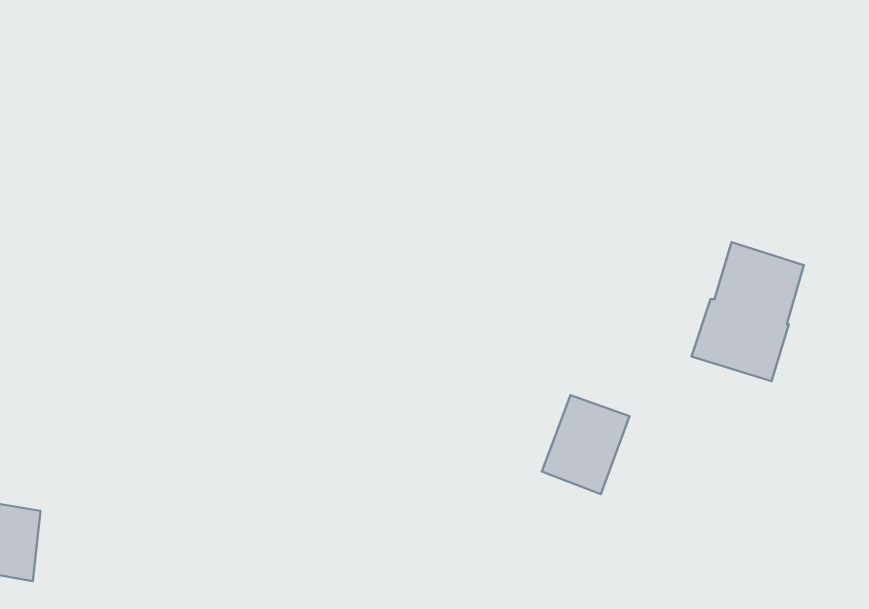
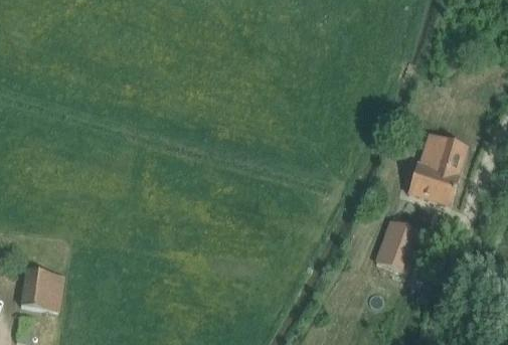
building: [542,395,629,494] -> [376,219,422,272]

